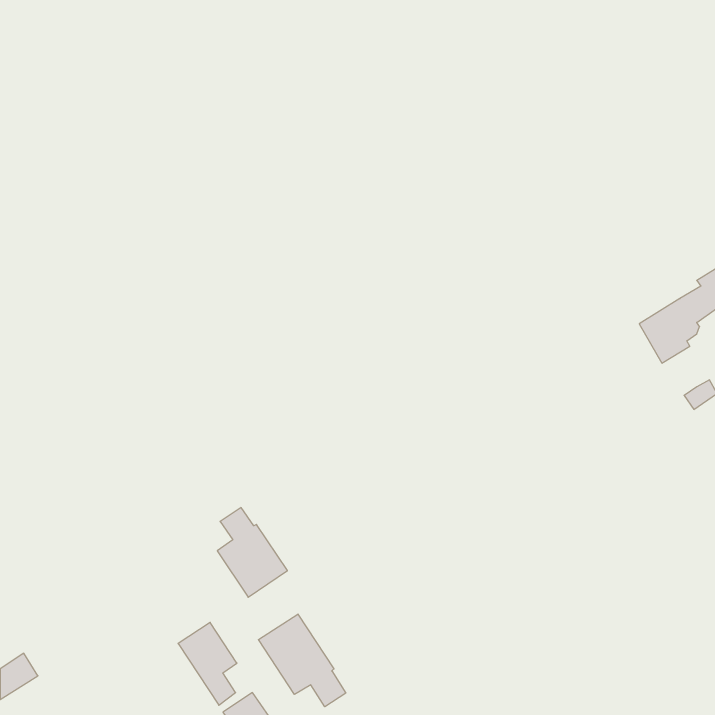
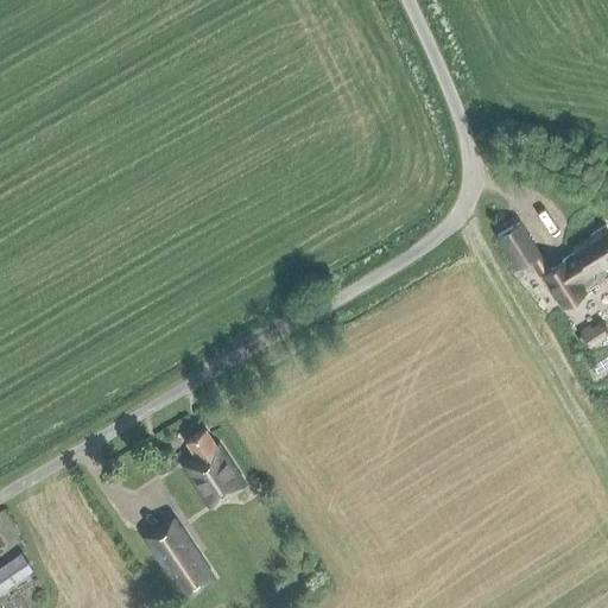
building: none -> [498,223,540,268]
building: [258,614,346,707] -> none

